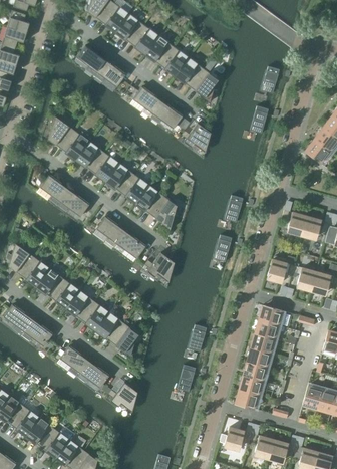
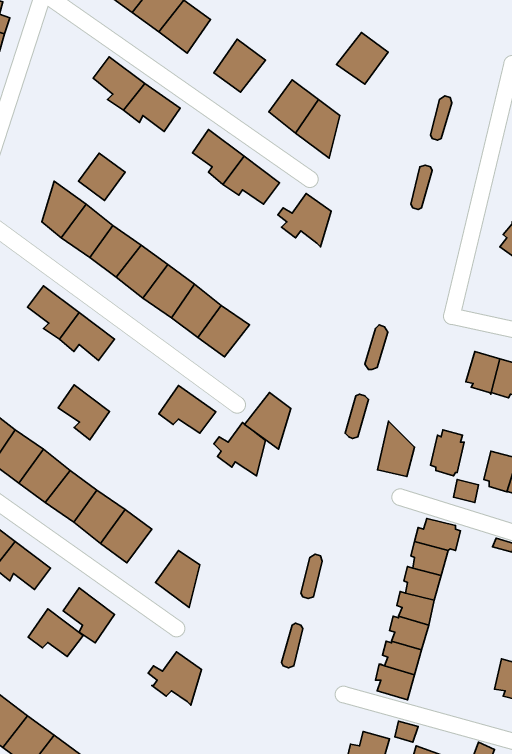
building: [130,24,158,54] -> none
building: [160,47,190,76] -> [337,33,388,84]
building: none -> [78,153,125,200]
building: [151,197,178,229] -> [245,392,291,449]
building: [96,216,125,247] -> [58,385,110,440]
building: none -> [377,421,415,477]
building: [96,312,125,342] -> none
building: [78,361,109,388] -> [28,609,83,657]

